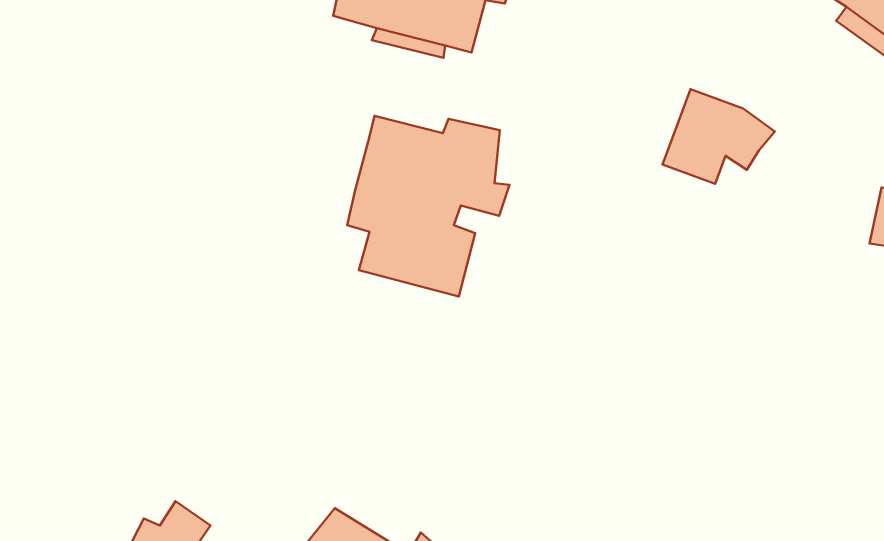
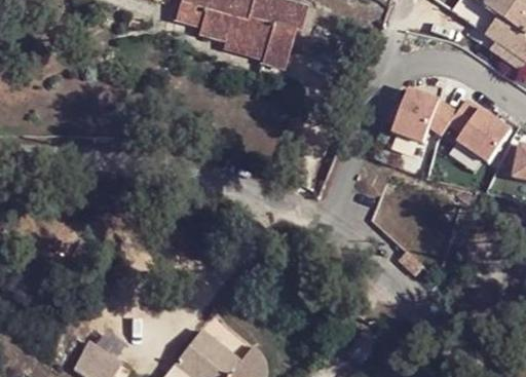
building: none -> [448,98,511,161]
building: [347,116,509,297] -> none

